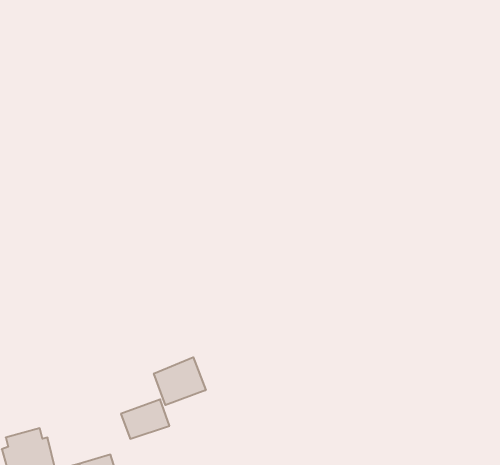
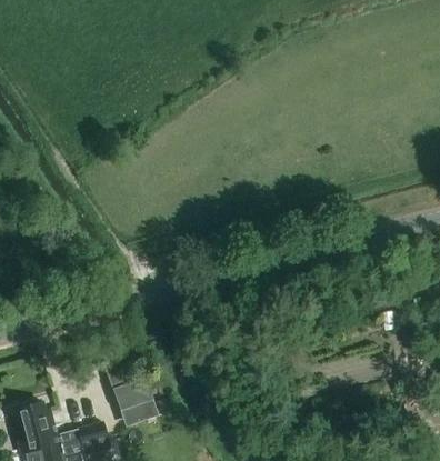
building: [154,357,206,405] -> none

